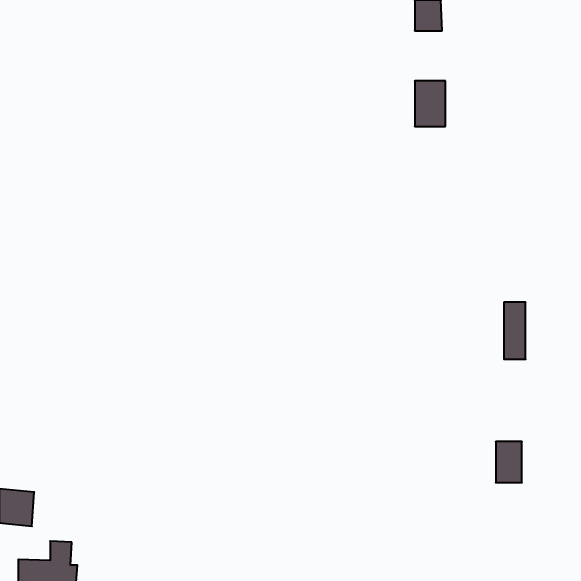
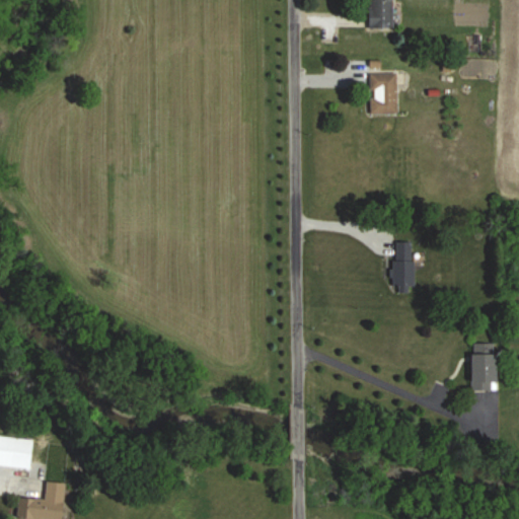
building: [504,302,526,359] -> [394,241,414,292]
building: [496,442,522,483] -> [470,353,494,389]

